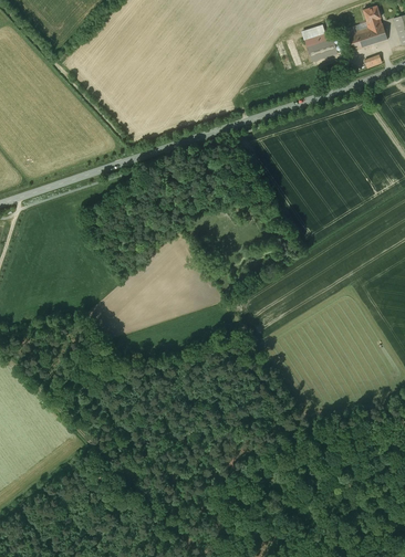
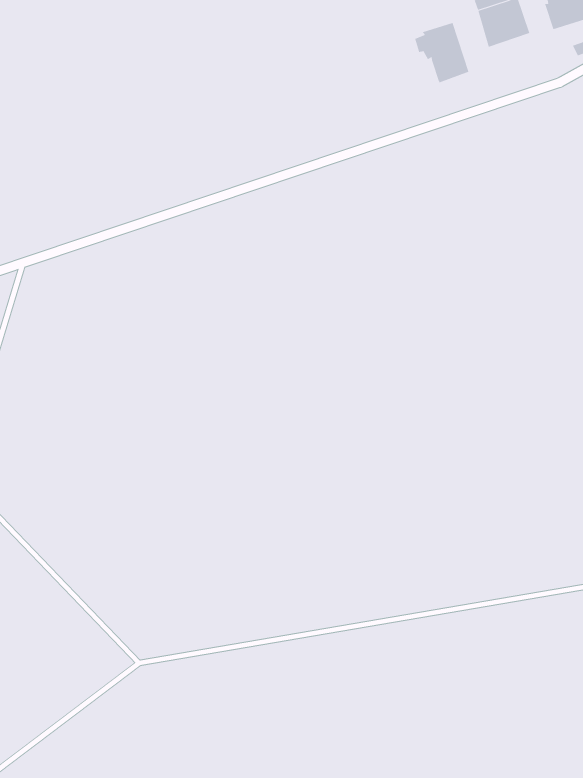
building: none -> [414,22,469,83]

